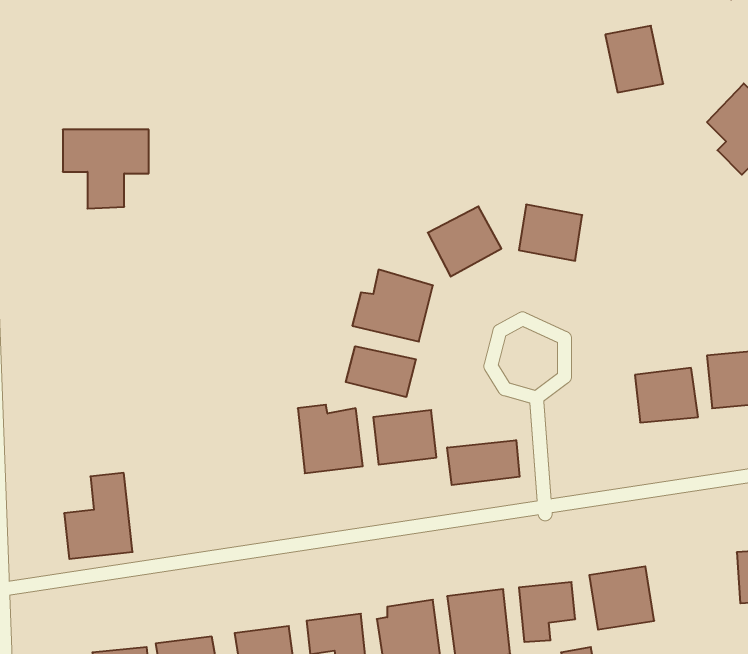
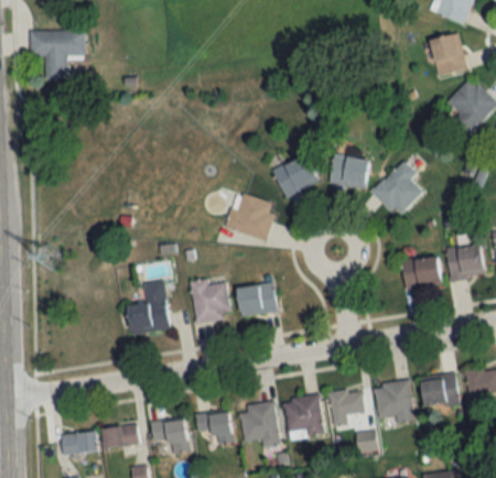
building: [605,26,663,92] -> [430,32,466,74]
building: [63,130,149,209] -> [31,30,85,79]
building: none -> [373,160,423,217]
building: [346,346,416,397] -> none
building: [447,440,520,485] -> none
building: [64,473,133,559] -> [127,280,170,334]
building: none -> [421,374,460,409]

